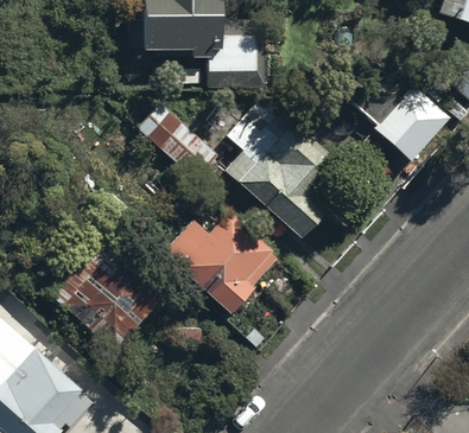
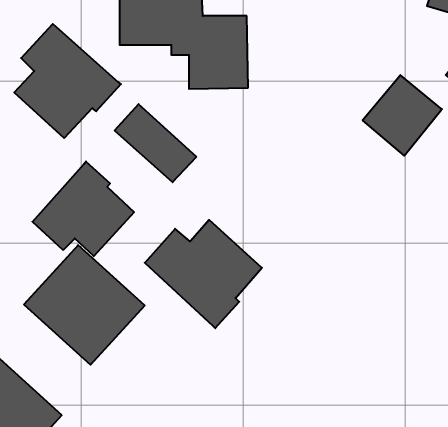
building: none -> [14,24,121,138]
building: [226,102,343,240] -> none
building: none -> [32,161,134,256]

